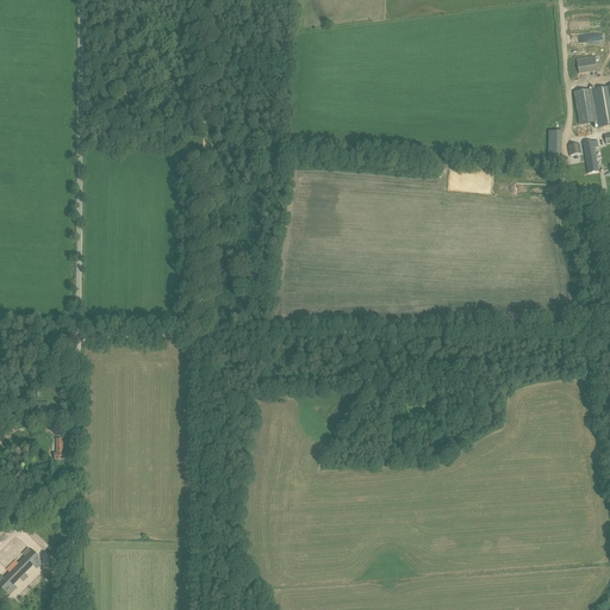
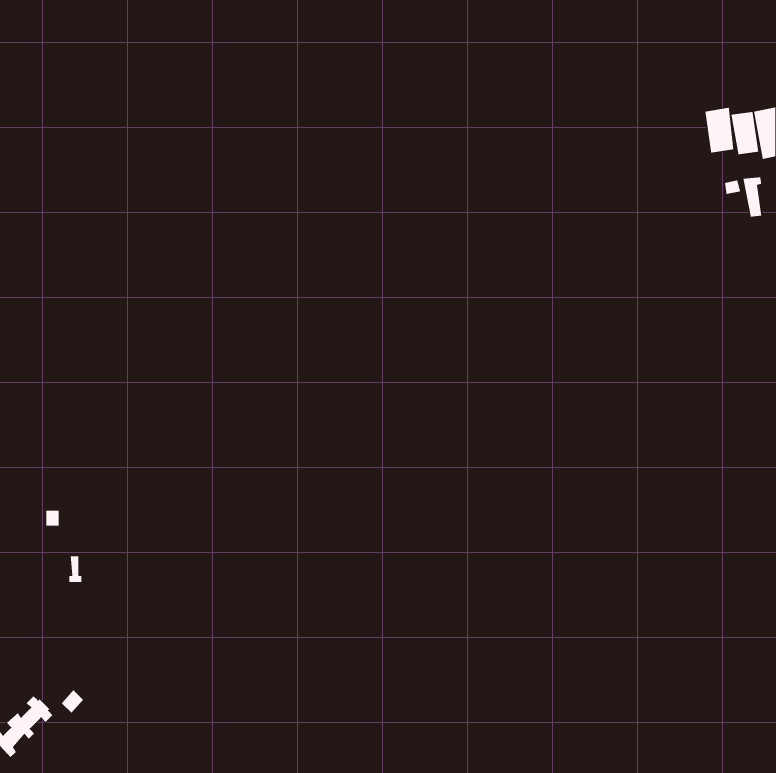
building: none -> [704,107,734,154]

